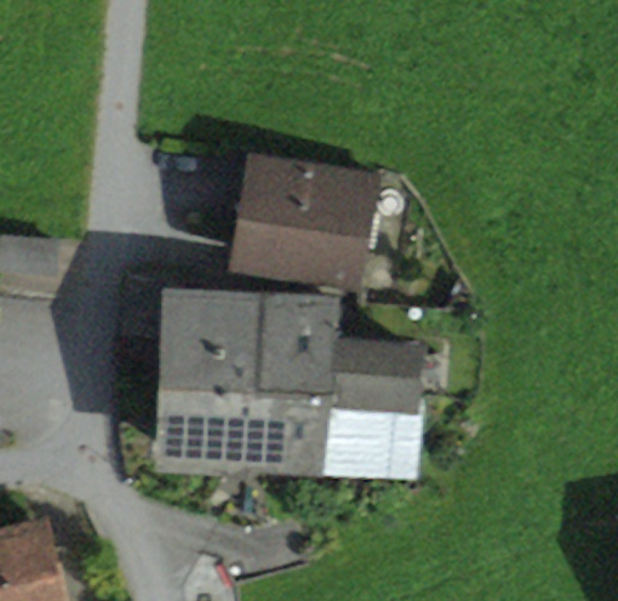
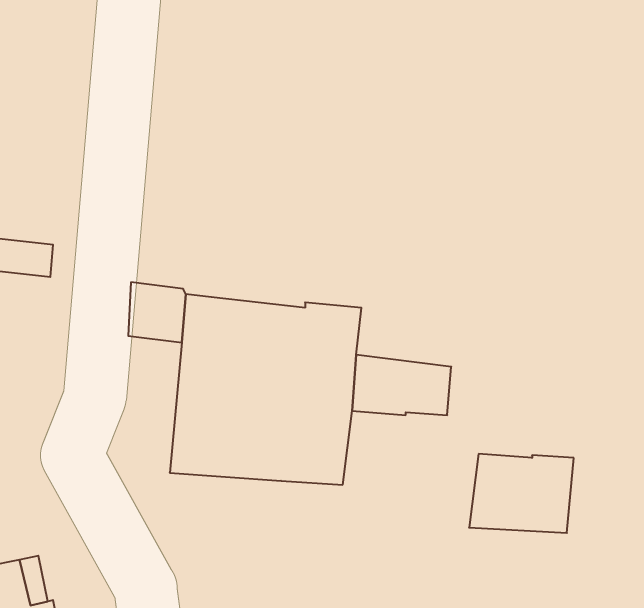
building: [241,160,377,284] -> none
building: [320,400,414,471] -> [469,454,574,533]

